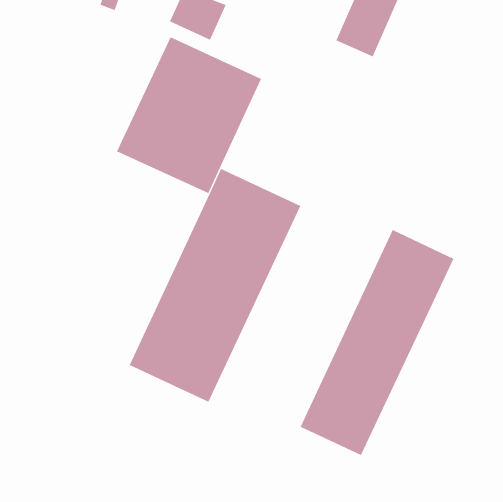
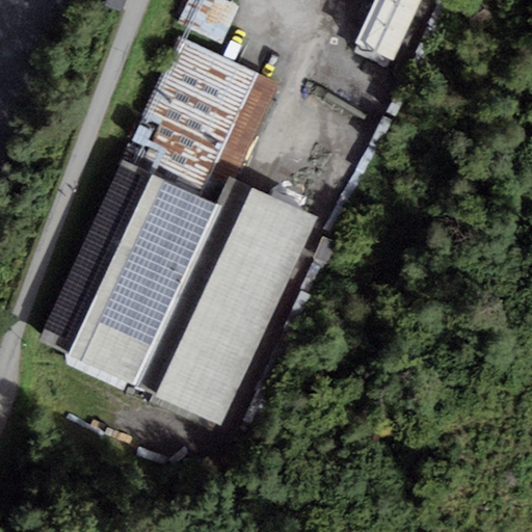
building: none -> [41,160,220,385]
building: [300,229,454,456] -> none

